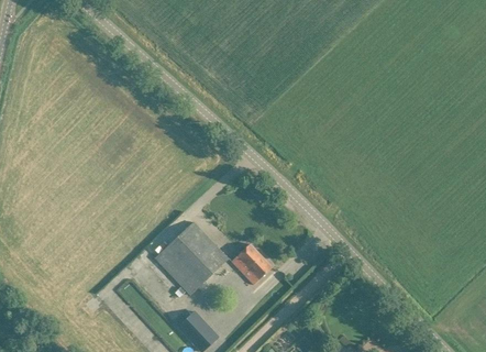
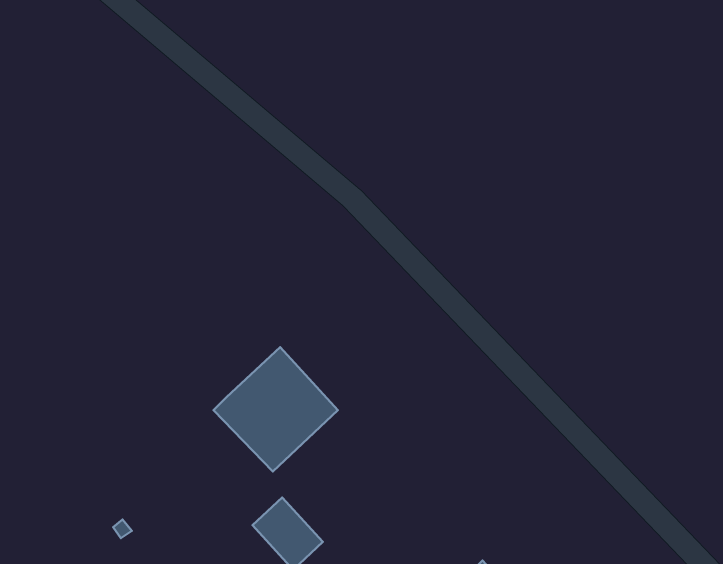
building: [231,244,270,284] -> none

